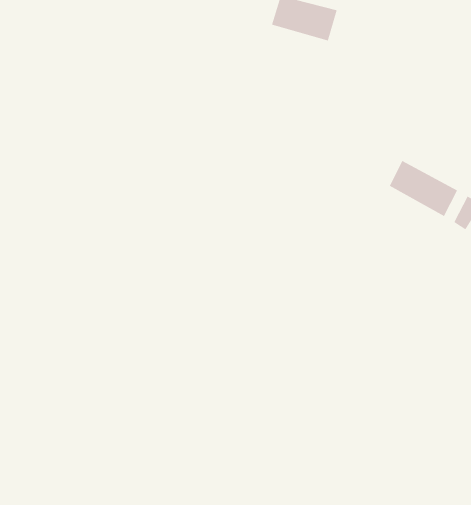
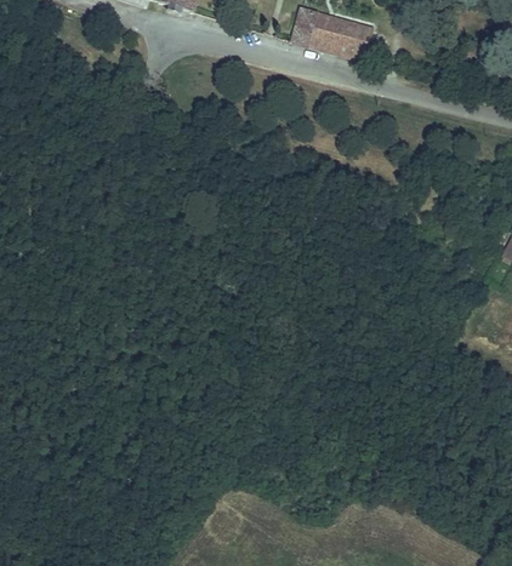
building: [389,160,458,217] -> none

